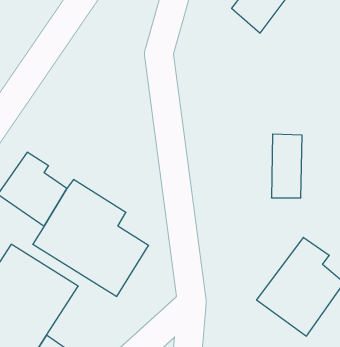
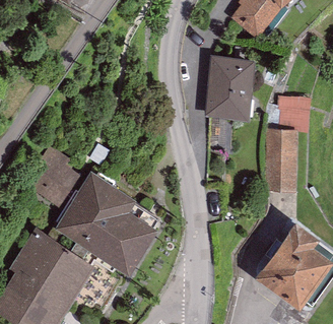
building: none -> [206,56,255,121]
building: none -> [283,96,317,128]

